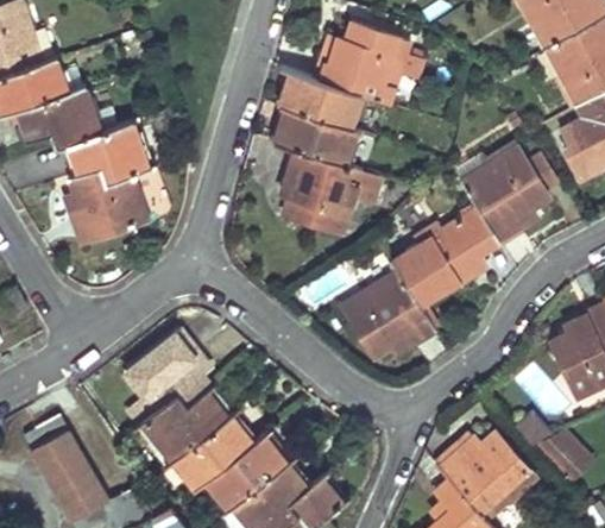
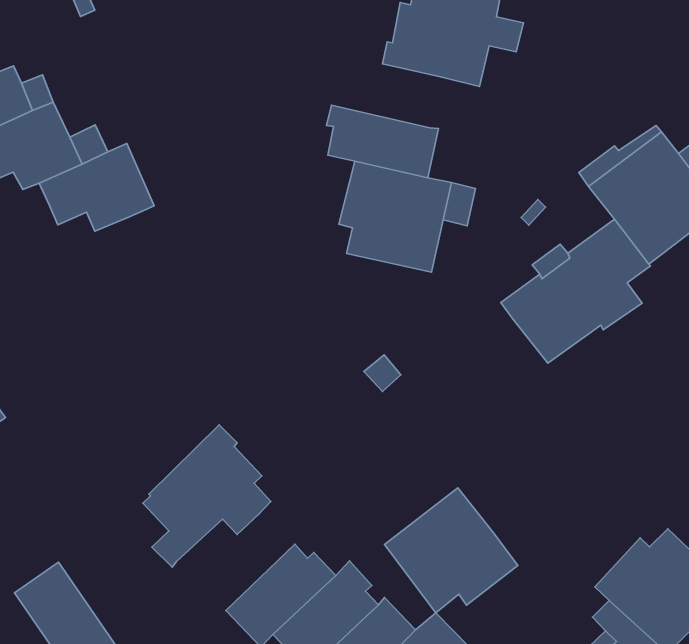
building: [279,70,361,130] -> none
building: [67,168,147,243] -> none
building: [341,271,435,359] -> [385,488,518,613]
building: [141,395,228,467] -> none

